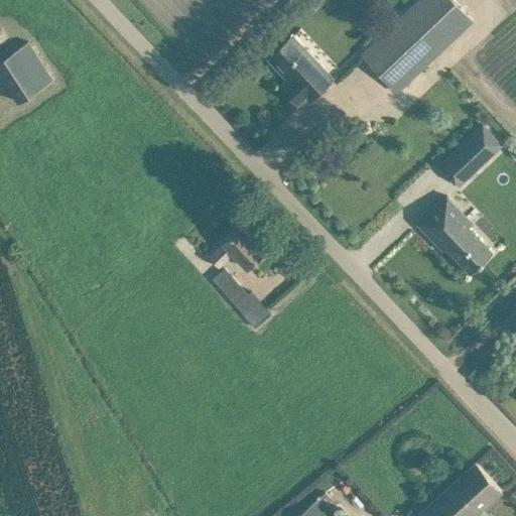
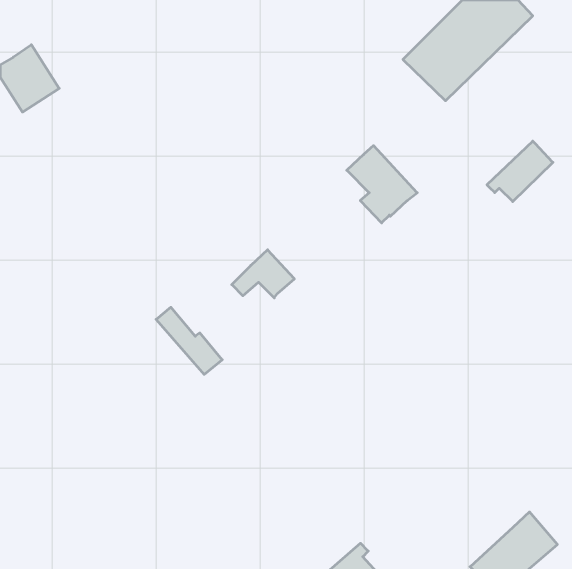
building: [269,38,333,108] -> [347,146,417,223]
building: [420,202,492,272] -> none
building: [213,269,272,330] -> [156,307,222,374]

